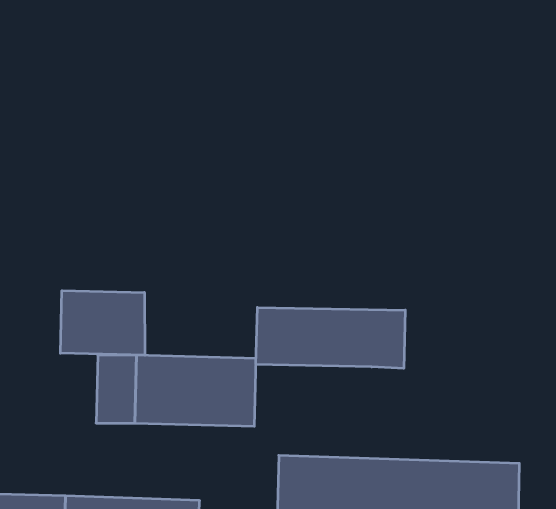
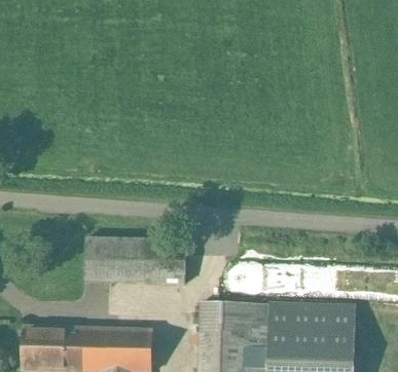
building: [60,291,145,355] -> none
building: [256,307,405,368] -> none

